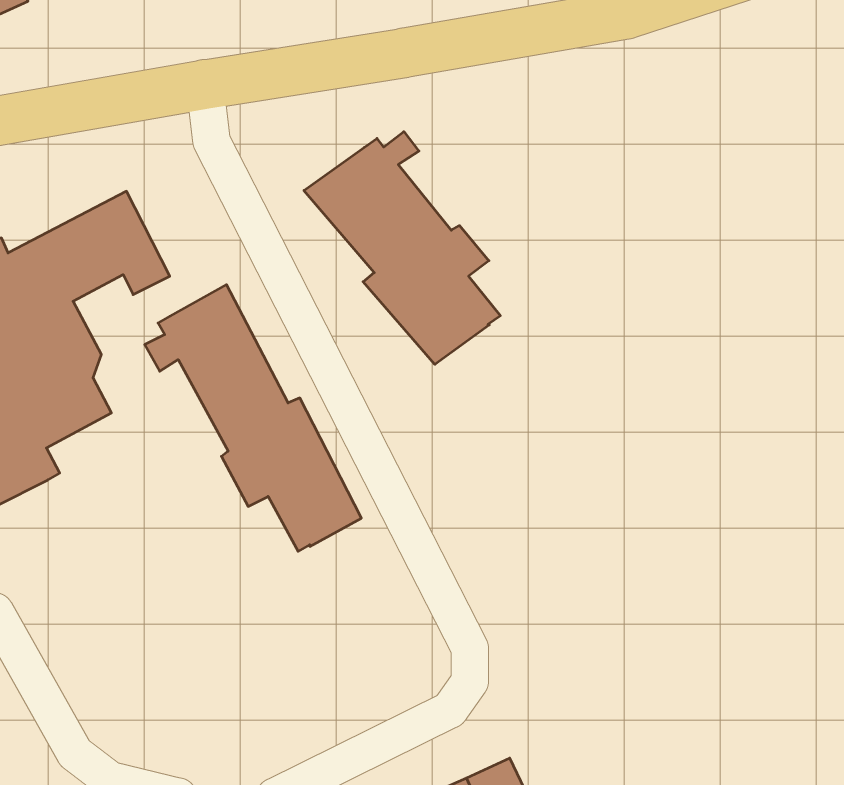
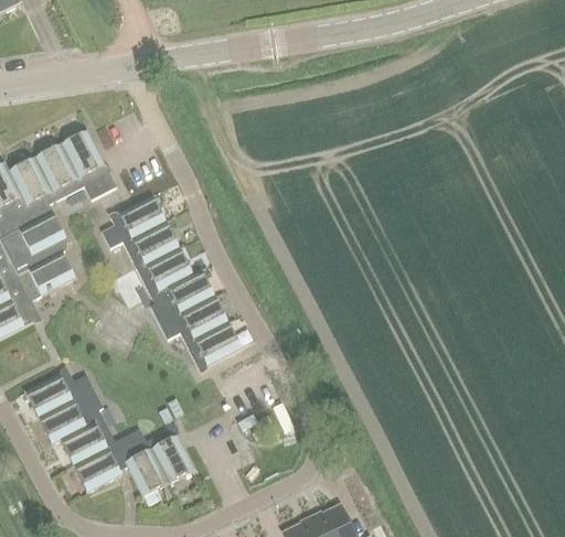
building: [304,132,500,364] -> none
building: none -> [23,368,195,497]

